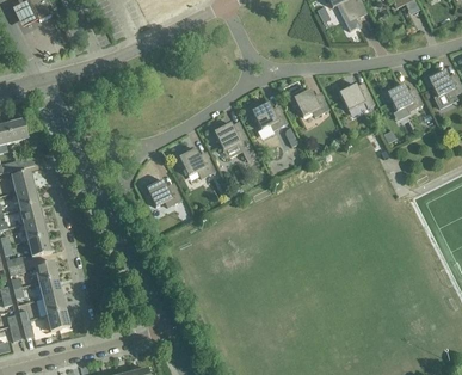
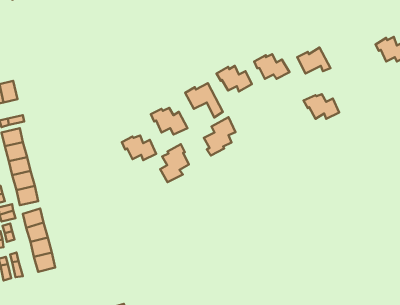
building: [383,85,423,112] -> [304,94,339,119]
building: none -> [204,117,236,156]
building: none -> [160,144,189,182]

